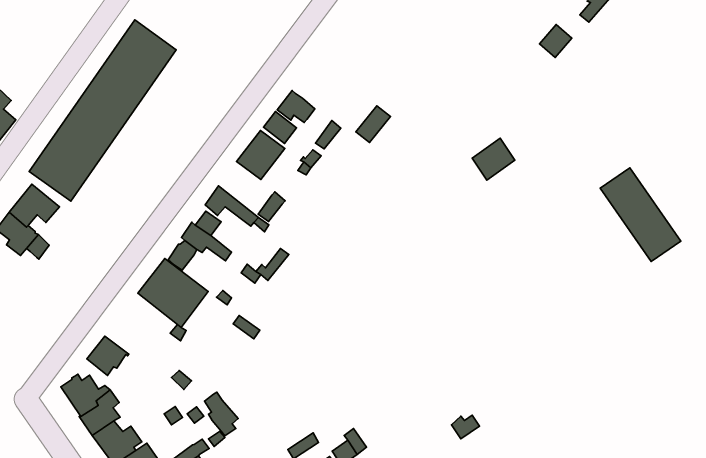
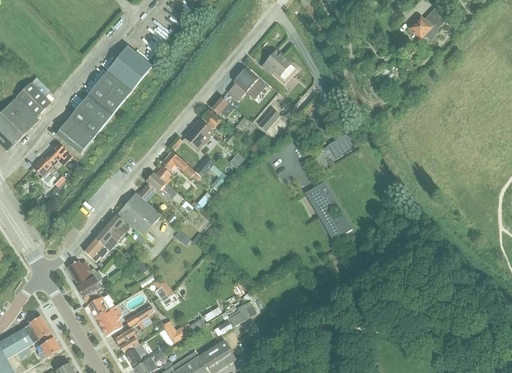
building: none -> [265,52,294,80]
building: none -> [227,68,265,101]
building: [600,168,681,261] -> [304,182,351,240]
building: none -> [95,215,129,250]

